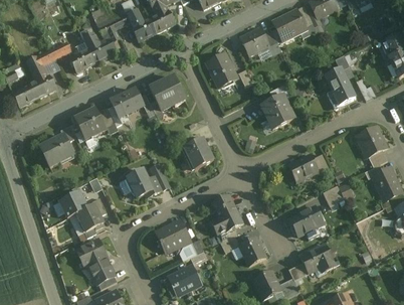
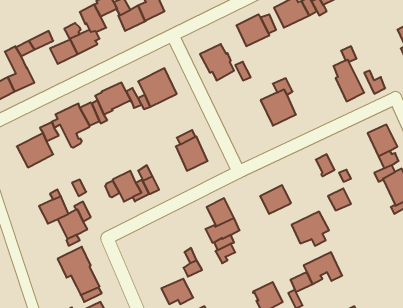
building: [288,155,317,181] -> [260,185,291,214]
building: [155,221,189,253] -> none
building: [239,239,264,266] -> none

